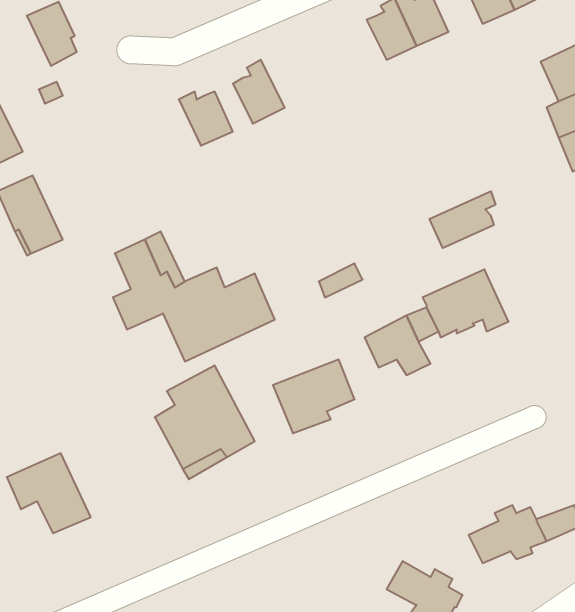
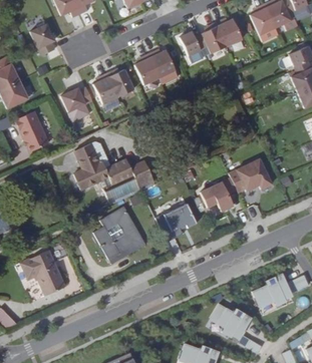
building: none -> [180,31,209,56]
building: none -> [148,50,176,77]
building: none -> [93,73,118,104]
building: none -> [61,86,93,111]
building: [430,191,496,248] -> none

